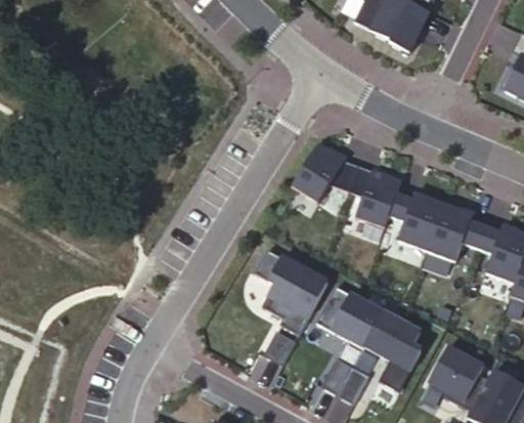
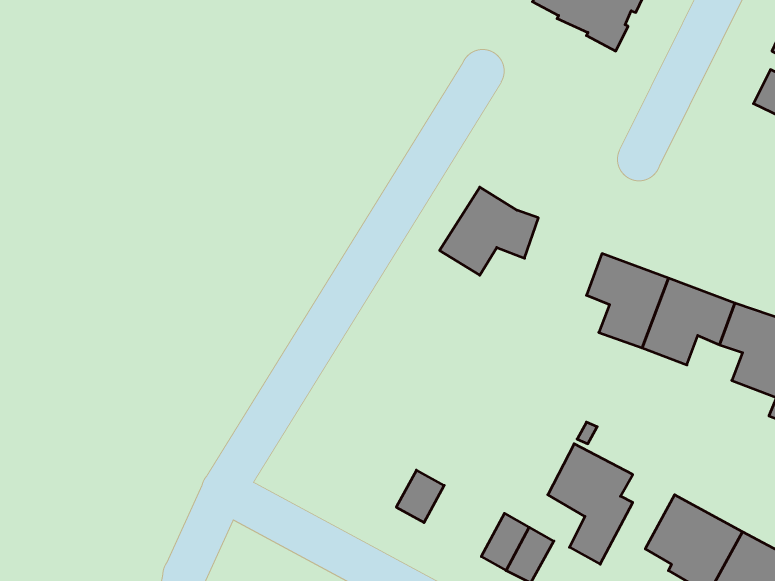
building: [349,163,402,226] -> none
building: [251,248,328,334] -> none
building: [316,287,382,348] -> none

